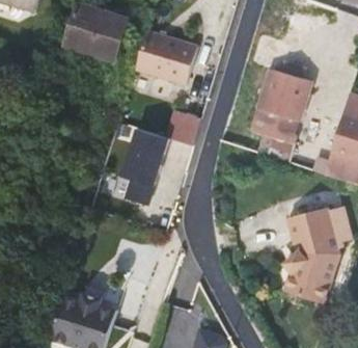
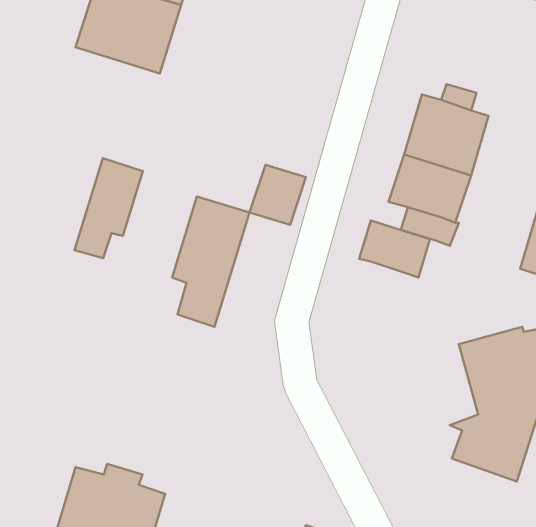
building: [134,23,196,77] -> none
building: none -> [75,158,143,258]
building: none -> [359,220,430,278]

